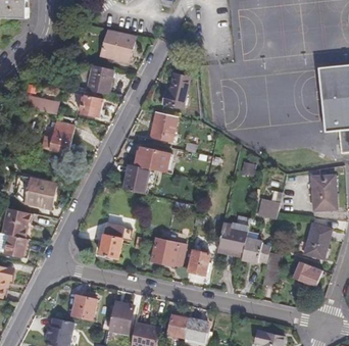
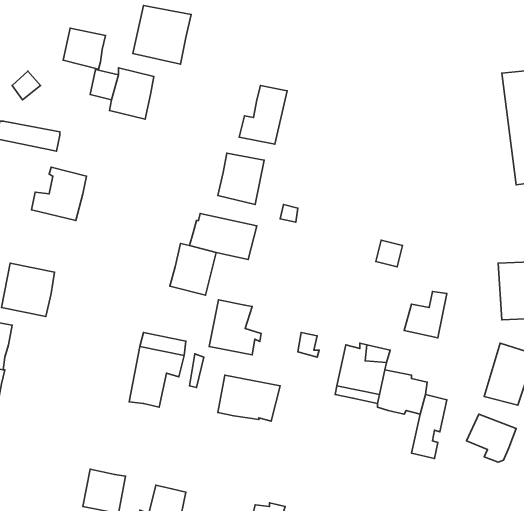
building: [80,93,104,116] -> [63,28,106,69]
building: none -> [209,300,261,355]
building: [188,251,210,276] -> none

